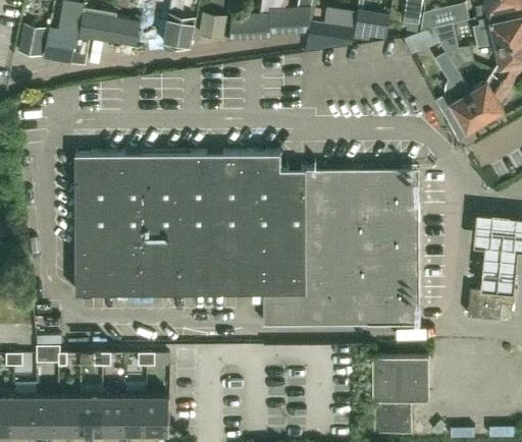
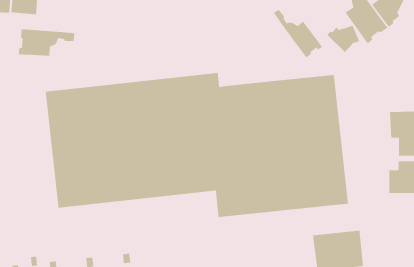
building: none -> [18,29,75,57]
building: none -> [273,9,323,59]
building: none -> [326,25,360,53]

